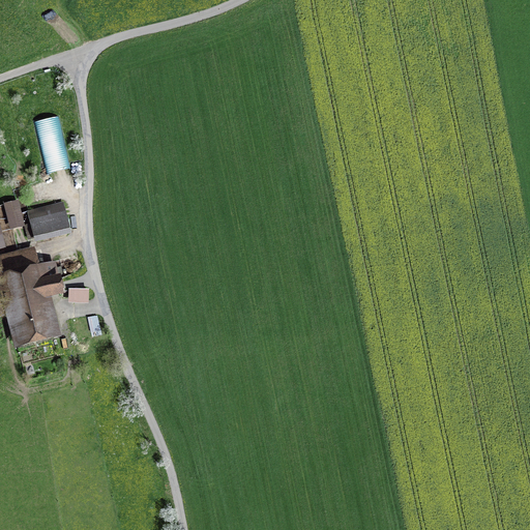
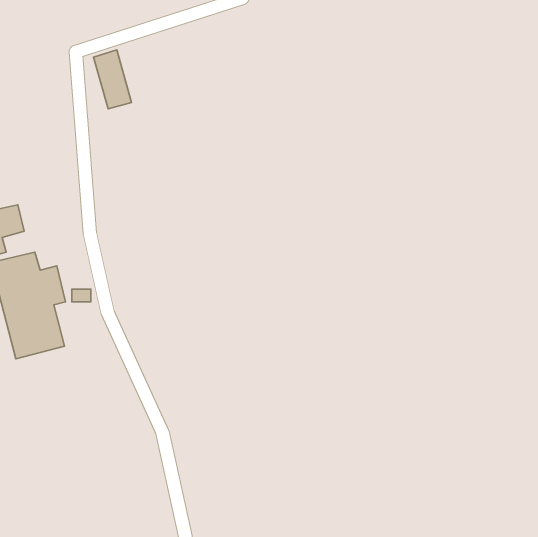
building: [32,111,69,169] -> [94,50,132,109]
building: [29,202,70,236] -> none

